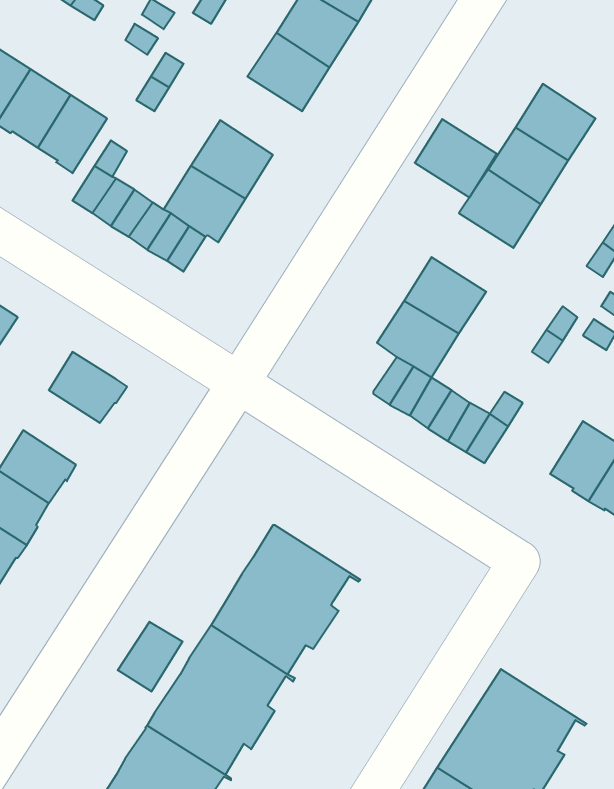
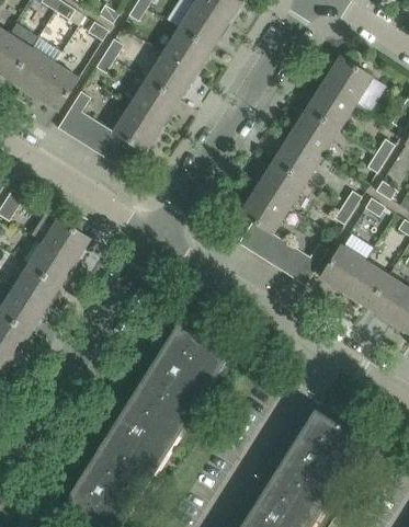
building: none -> [146,53,195,100]
building: [415,119,497,197] -> [273,135,322,182]
building: none -> [27,241,73,286]
building: none -> [320,245,364,291]
building: [118,622,183,692] -> none

